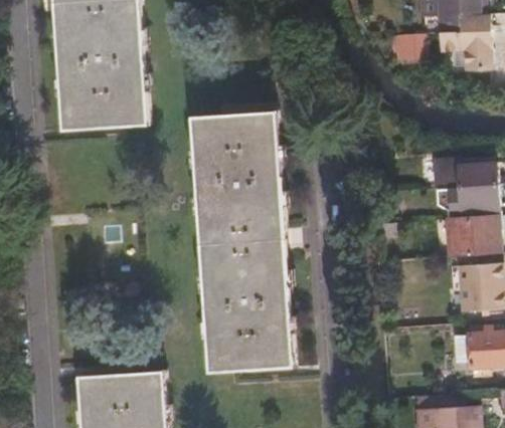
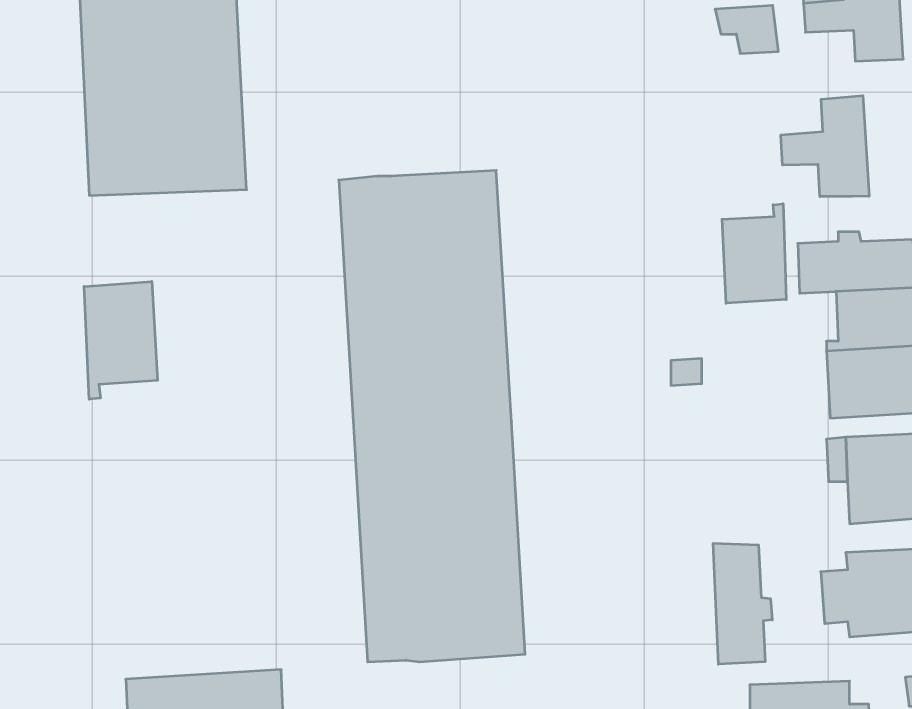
building: none -> [781,96,869,197]
building: none -> [722,204,786,303]
building: none -> [84,281,158,399]
building: none -> [713,543,772,664]

